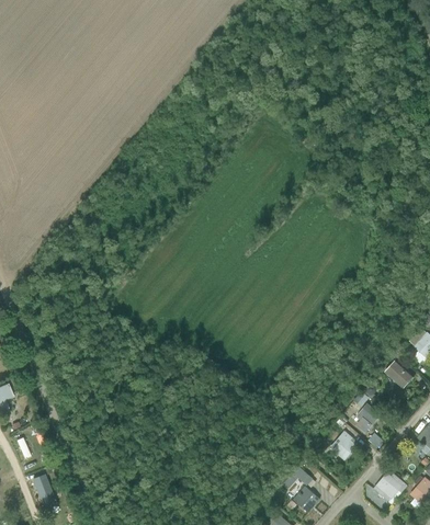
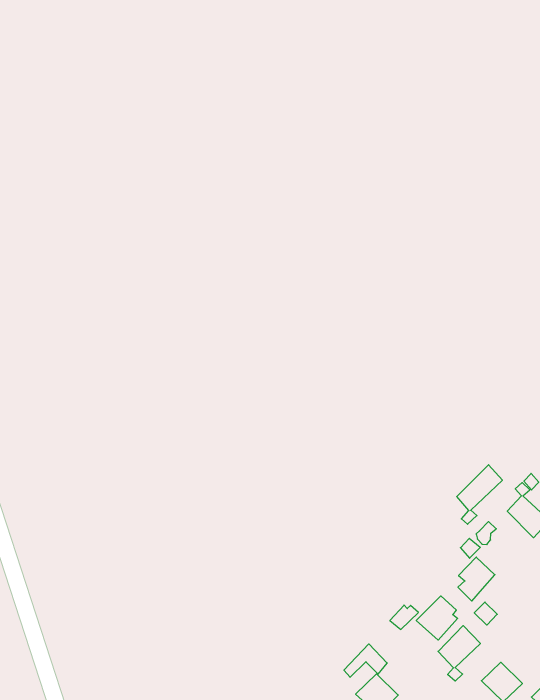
building: none -> [457,465,502,524]
building: none -> [438,626,480,681]

